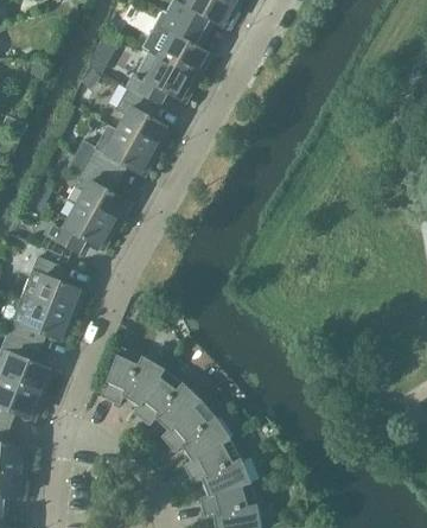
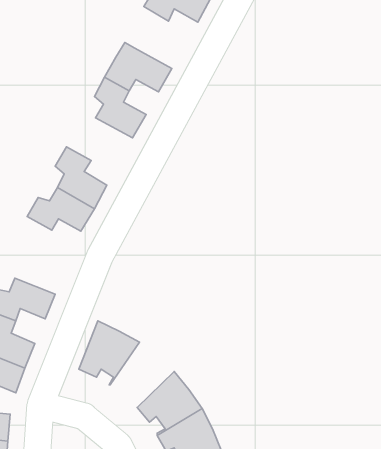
building: [157,13,212,78] -> none
building: [87,131,157,177] -> none
building: [27,256,84,317] -> none
building: [133,368,200,437] -> none

